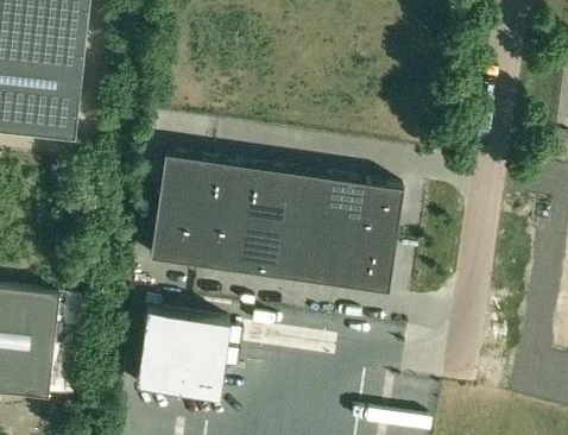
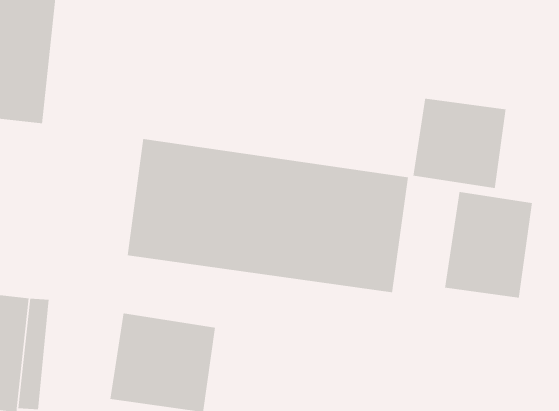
building: none -> [413,98,506,189]
building: none -> [444,191,533,299]

